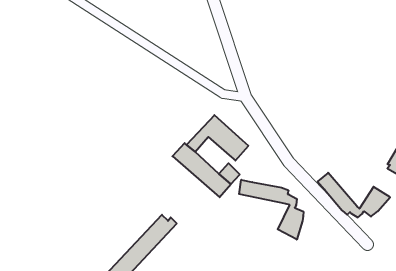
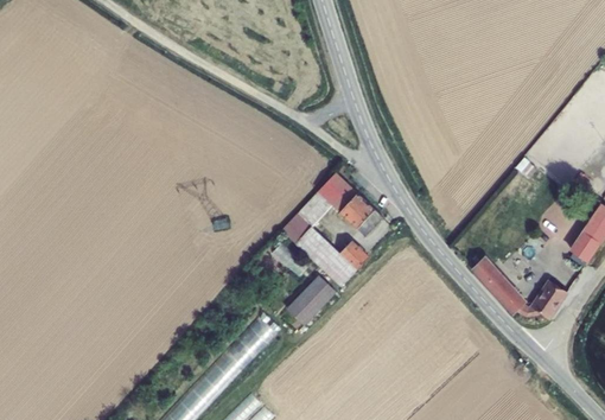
building: [239,180,303,240] -> none
building: none -> [287,278,336,327]

